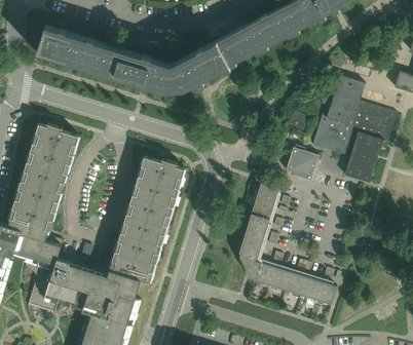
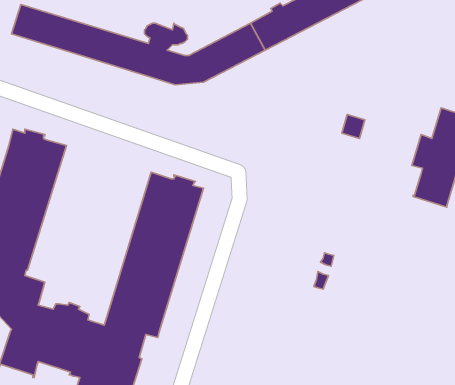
building: [312,76,366,157] -> none
building: [286,148,318,181] -> none
building: [238,183,336,304] -> none

